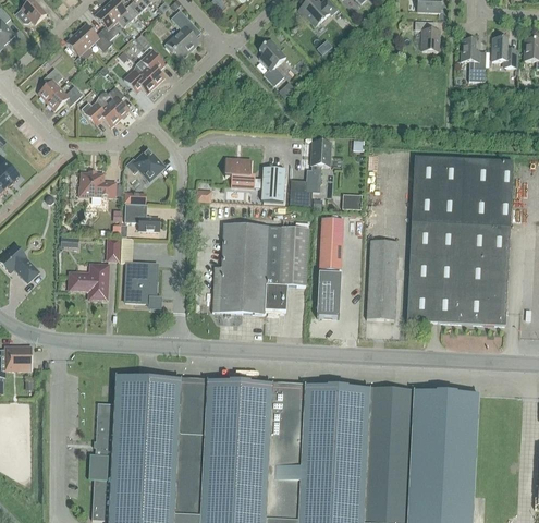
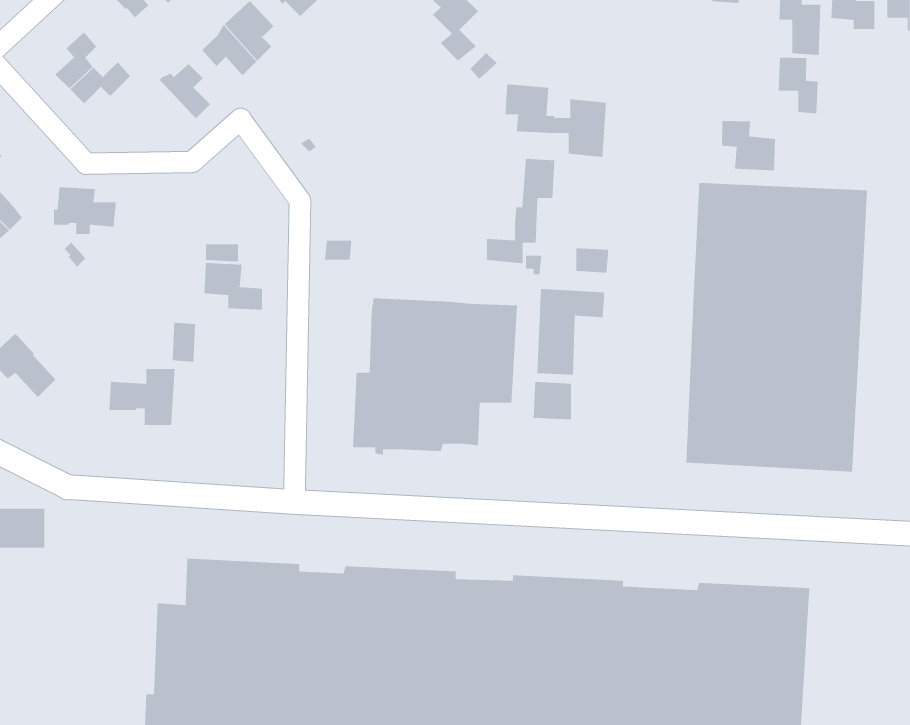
building: none -> [778,57,818,114]
building: [81,96,120,126] -> none
building: none -> [721,120,776,171]
building: [125,148,161,180] -> none
building: [224,158,284,202] -> [505,84,607,158]
building: [78,173,115,202] -> [53,186,116,235]
building: [366,240,397,319] -> none
building: [124,263,157,303] -> none
building: [316,294,340,317] -> none

